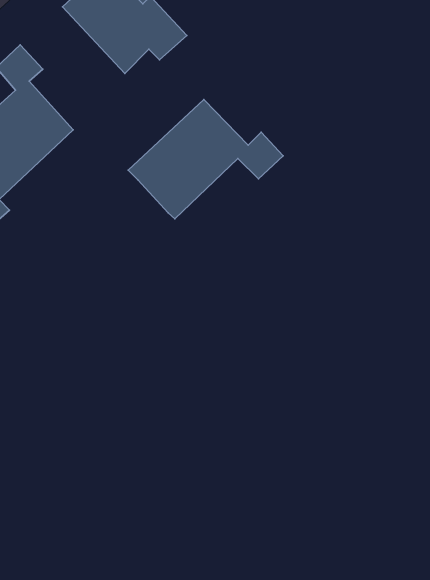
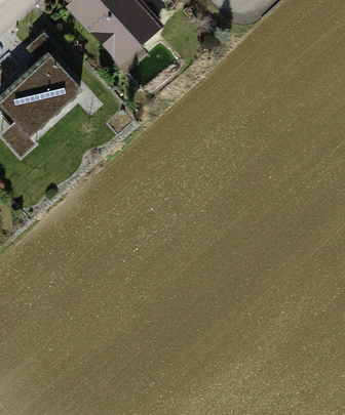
building: [128,100,283,219] -> none

